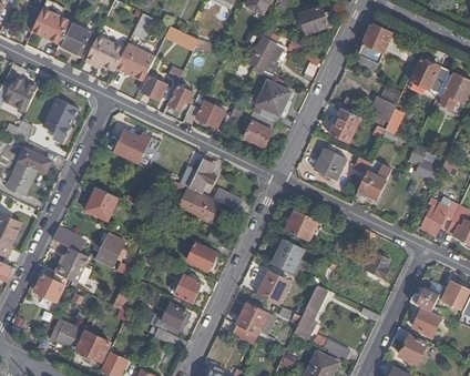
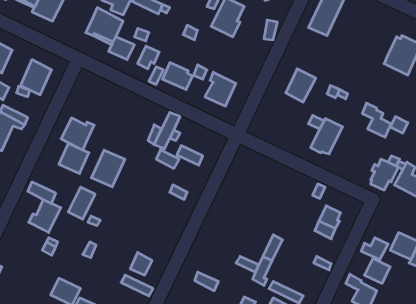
building: [83,38,123,72] -> none
building: [410,57,449,93] -> none
building: [253,80,290,122] -> none
building: [368,83,402,125] -> none
building: [114,129,150,163] -> [61,118,94,150]
building: [315,148,347,181] -> none
building: none -> [91,150,125,187]
building: [283,210,316,241] -> none
building: [269,237,303,273] -> none
building: [188,242,217,271] -> none
building: [34,271,70,301] -> none
building: [256,271,288,305] -> none
building: [174,273,202,302] -> none
building: [235,303,267,337] -> none
building: [53,318,82,348] -> none

